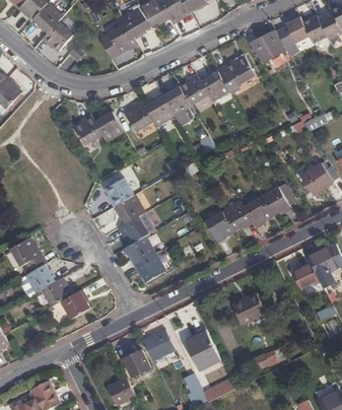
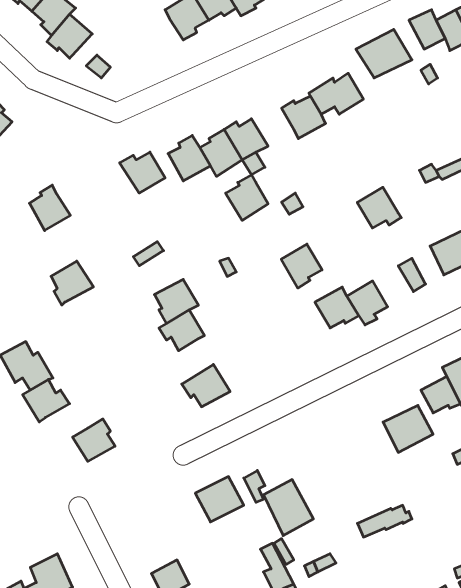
building: [109,23,137,52] -> none
building: [180,78,208,109] -> [226,175,268,220]
building: [73,114,100,144] -> [29,185,70,231]
building: [106,181,134,210] -> [51,261,93,305]
building: [261,189,290,216] -> [357,187,401,228]
building: [205,213,232,243] -> [281,244,322,288]
building: [126,237,154,268] -> none
building: [42,279,70,308] -> none
building: [232,293,266,325] -> [383,405,433,452]
building: [124,350,151,378] -> none

